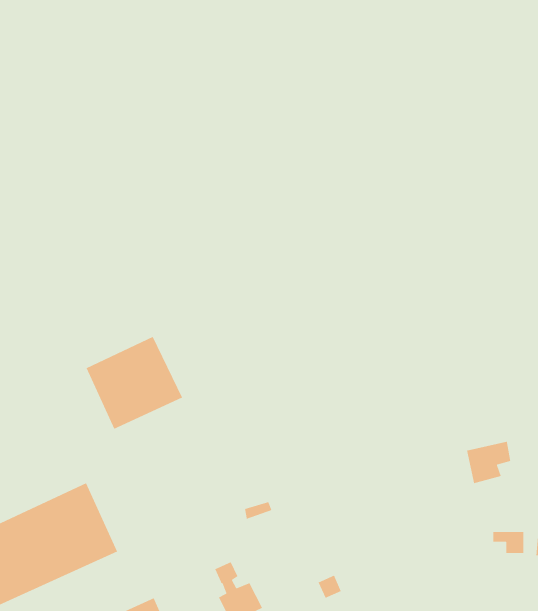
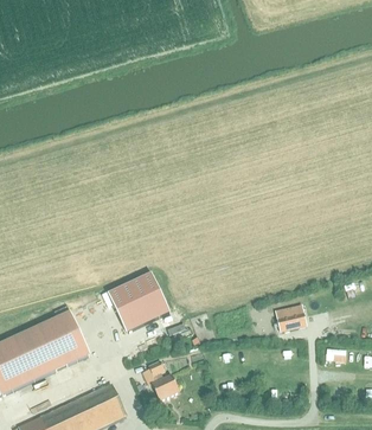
building: [85,336,183,430] -> [108,272,169,332]
building: [466,441,511,484] -> [275,304,303,332]

